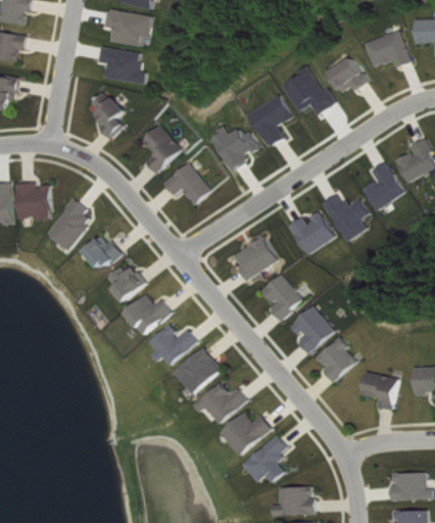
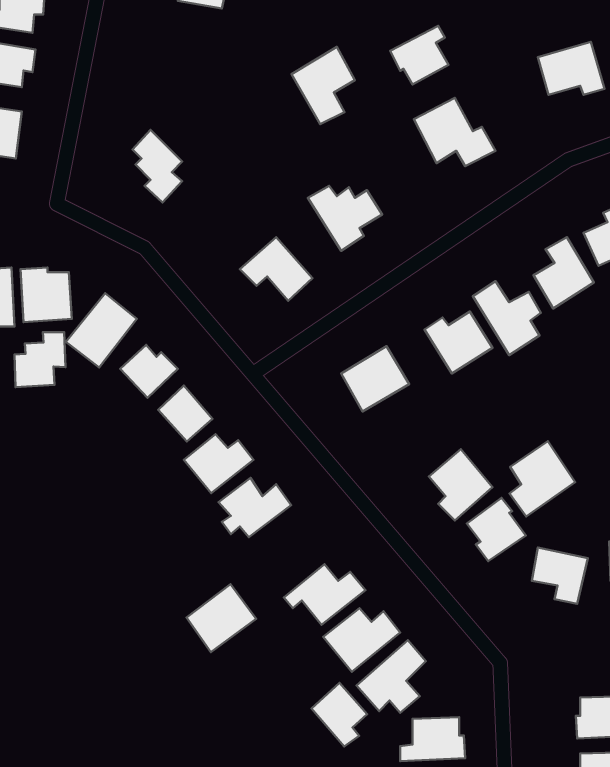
building: [104,9,151,46] -> none
building: none -> [390,26,448,84]
building: [98,47,145,84] -> none
building: [327,57,366,93] -> none
building: [246,95,289,147] -> [291,47,355,124]
building: [141,125,181,174] -> none
building: none -> [14,332,65,387]
building: [260,274,302,320] -> none
building: none -> [510,441,575,517]
building: [174,348,221,394] -> [187,584,256,652]
building: none -> [311,683,367,746]

